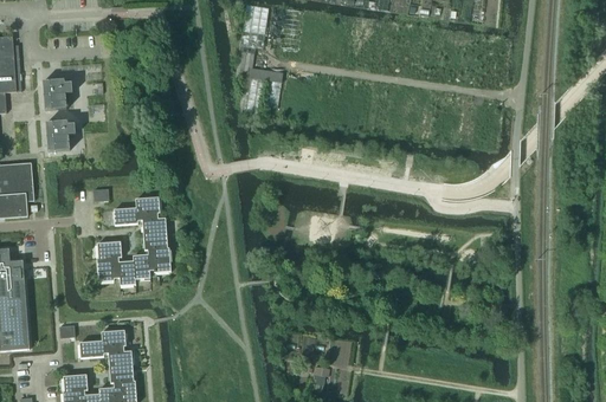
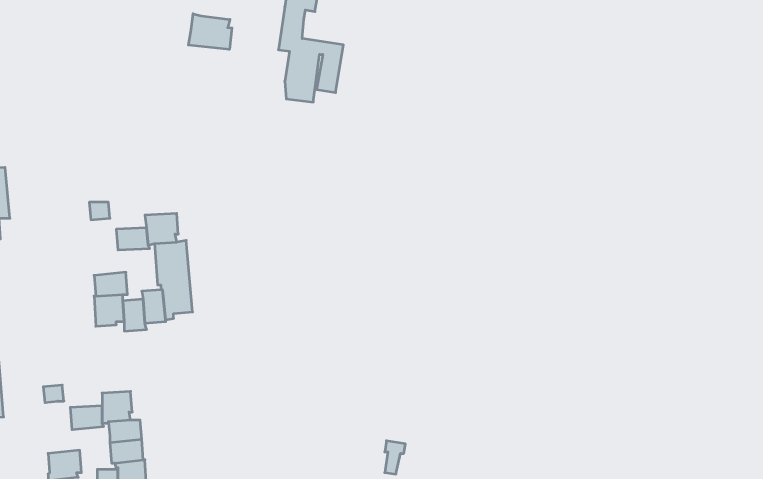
building: none -> [188,14,232,49]
building: [43,78,72,109] -> none
building: [45,119,76,150] -> none

